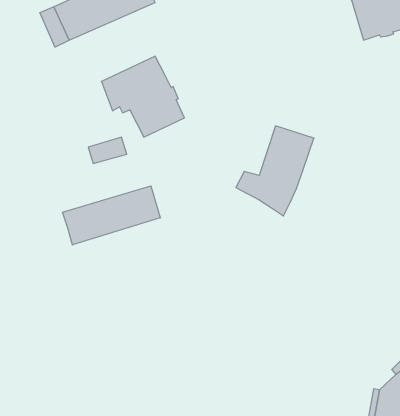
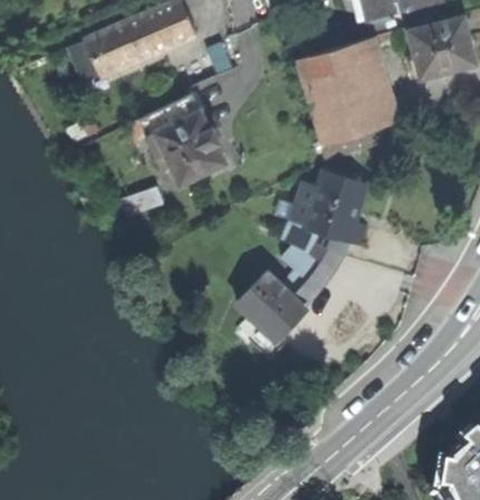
building: none -> [300,39,389,144]
building: [63,186,160,245] -> none
building: none -> [239,260,335,341]

